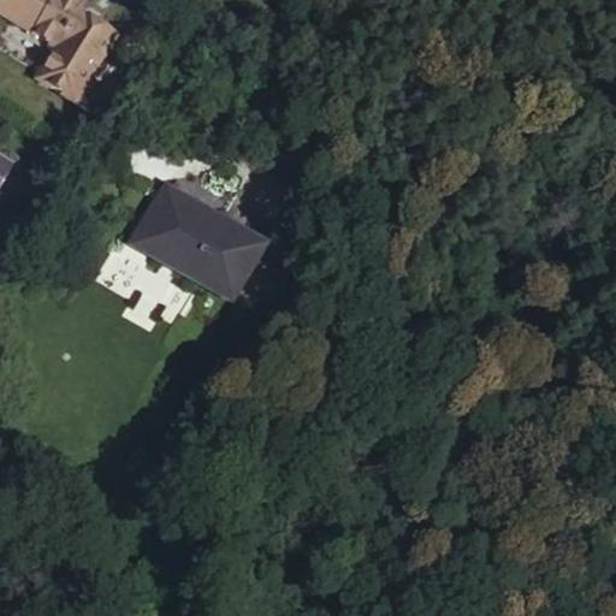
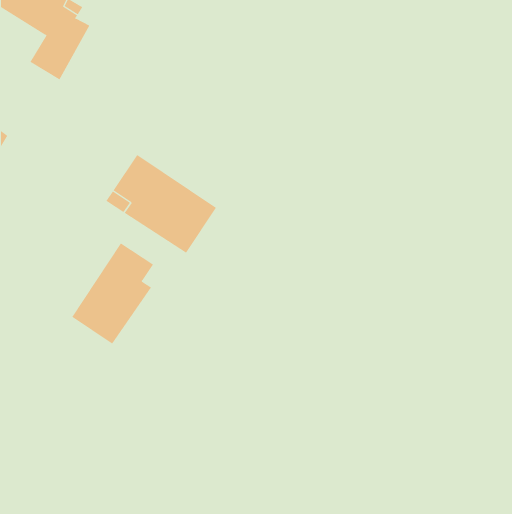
building: none -> [71,242,154,344]

